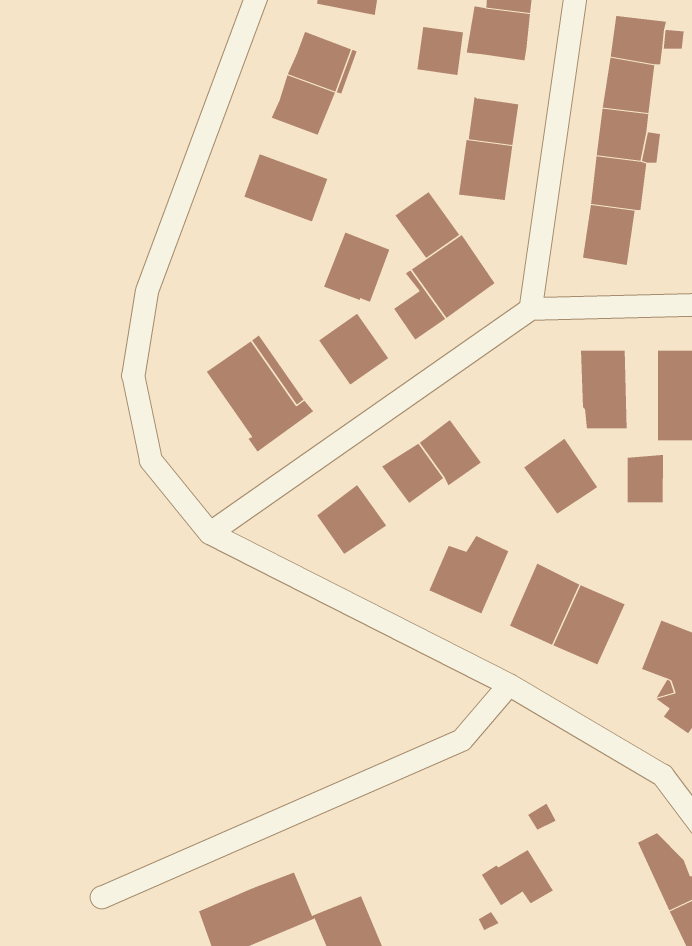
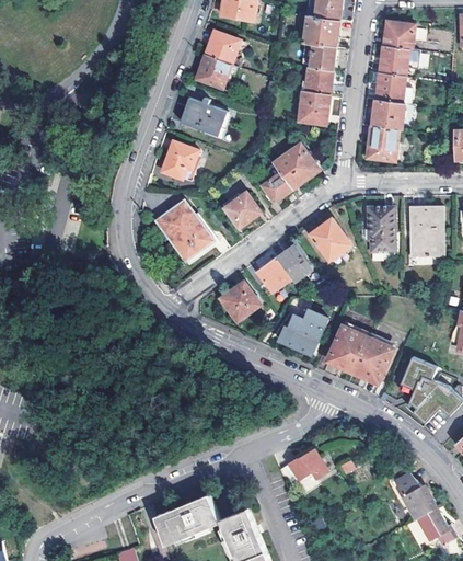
building: [417,26,464,76] -> [310,43,336,70]
building: [394,191,460,259] -> none
building: [323,232,390,303] -> [161,140,198,180]
building: [523,438,598,515] -> [310,218,351,261]
building: [627,454,664,503] -> none
building: [481,849,554,906] -> [286,450,326,482]

